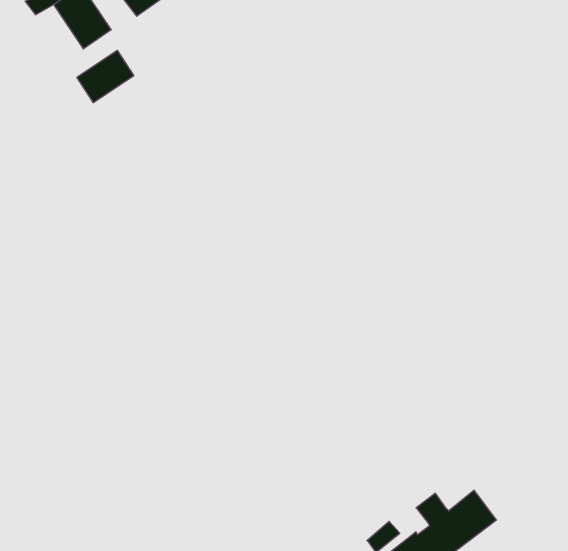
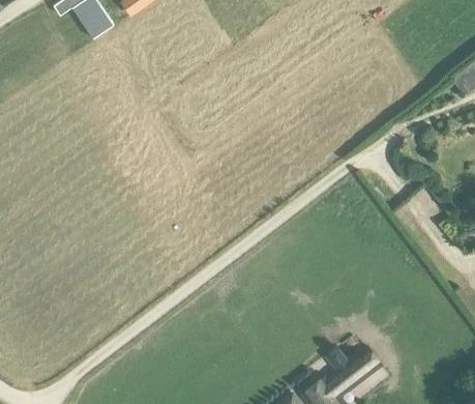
building: [77,50,134,103] -> none

